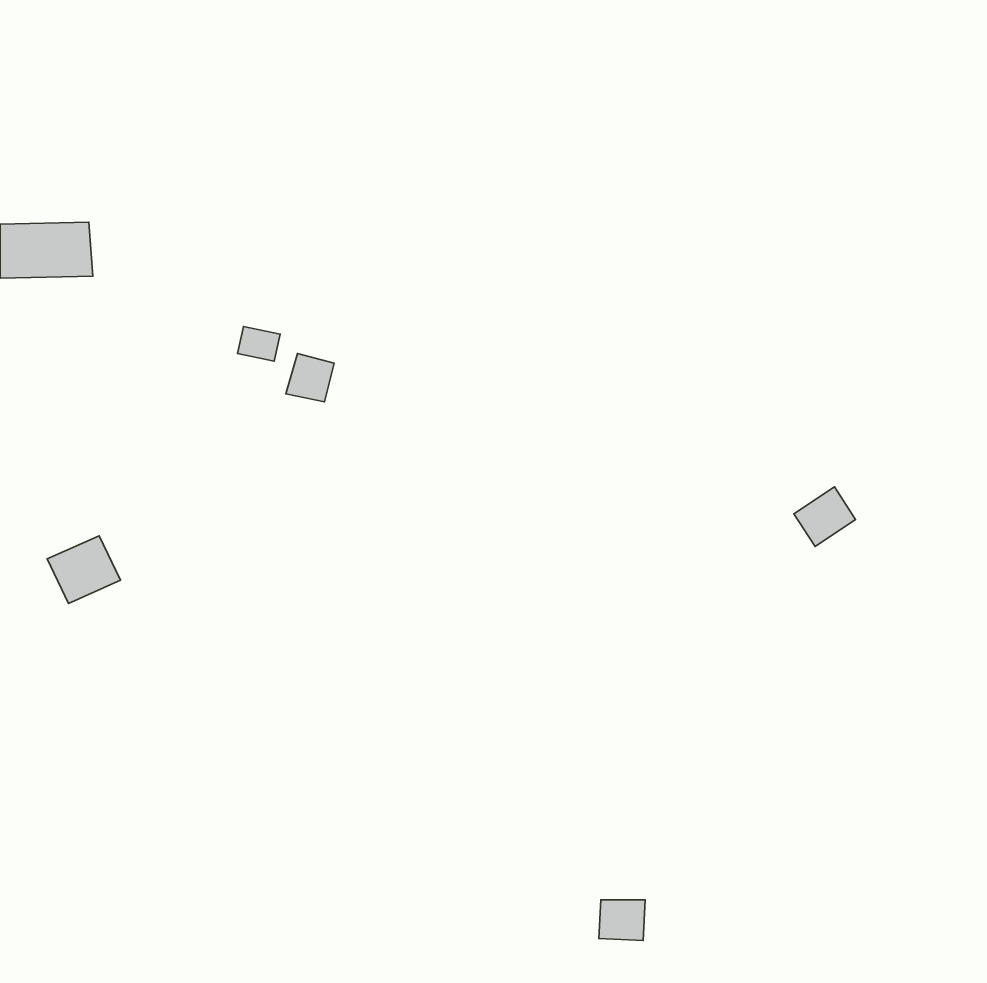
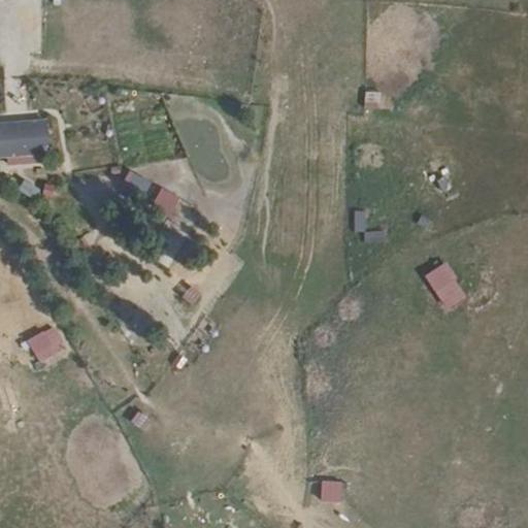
building: [47,536,121,603] -> [26,328,65,364]

